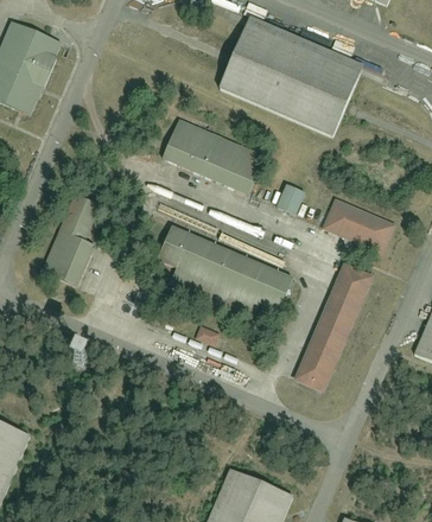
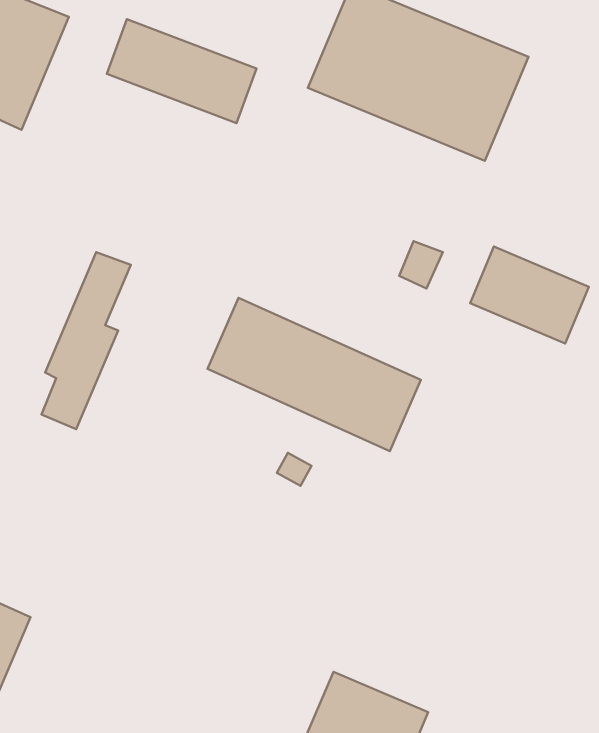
building: [163,123,260,191] -> [107,19,256,123]
building: [294,262,371,391] -> none

